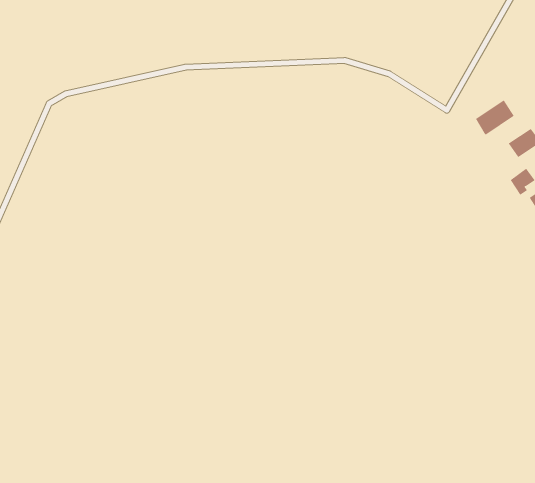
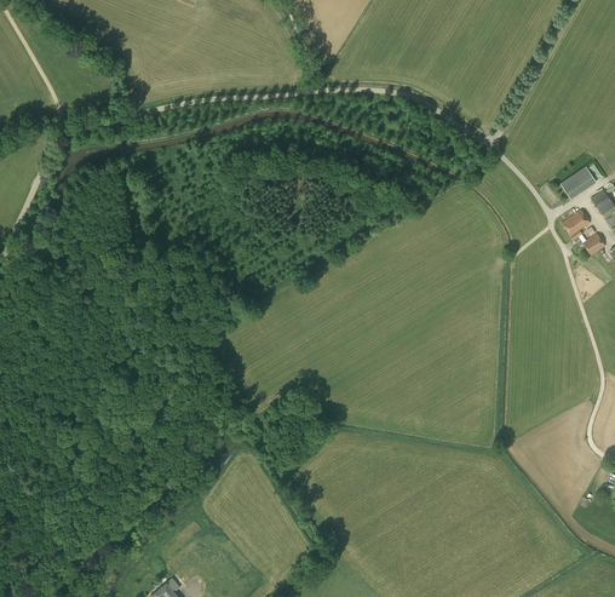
building: [475,100,515,135] -> none

